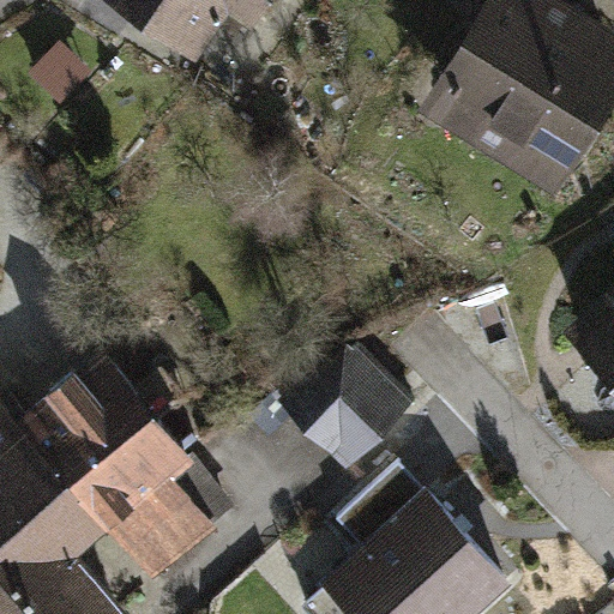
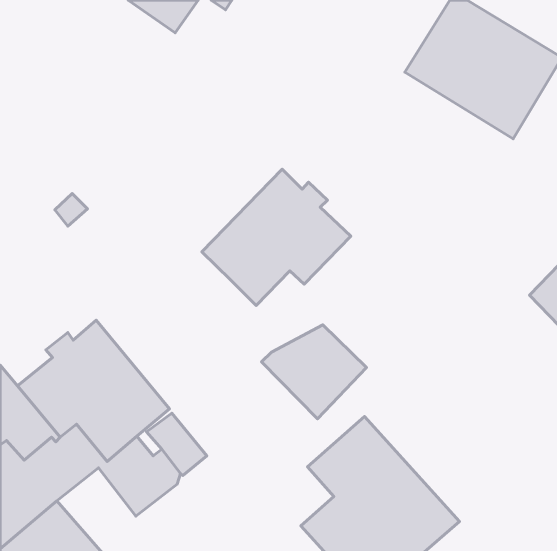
building: none -> [202,169,351,306]

